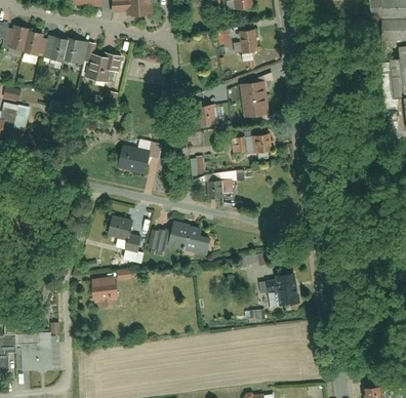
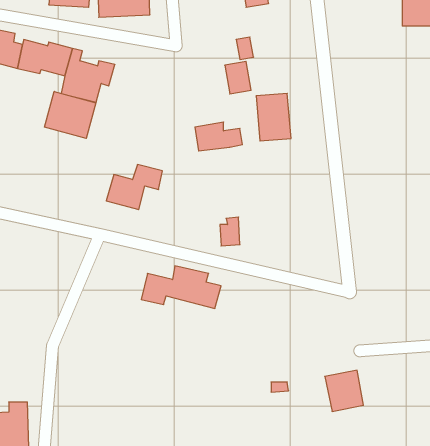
building: [236,26,257,52] -> [225,61,251,94]
building: none -> [45,91,96,138]
building: [230,131,270,160] -> none
building: [111,216,147,253] -> none
building: [92,270,134,307] -> none
building: [266,271,297,305] -> [325,370,363,411]

